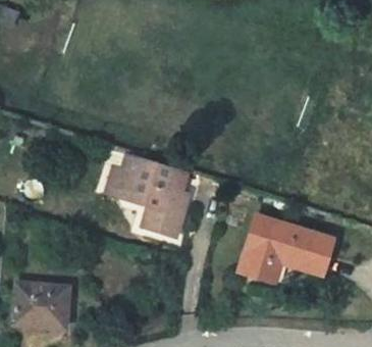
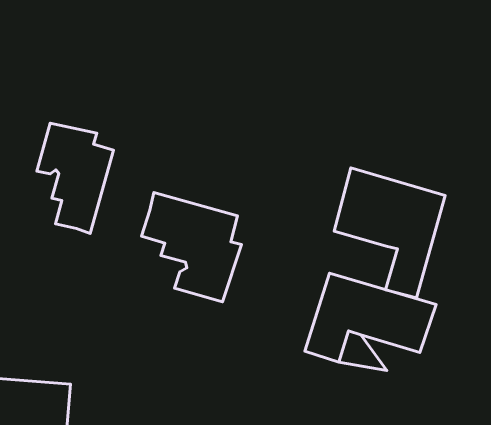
building: none -> [37,123,114,233]
building: none -> [334,168,445,298]

